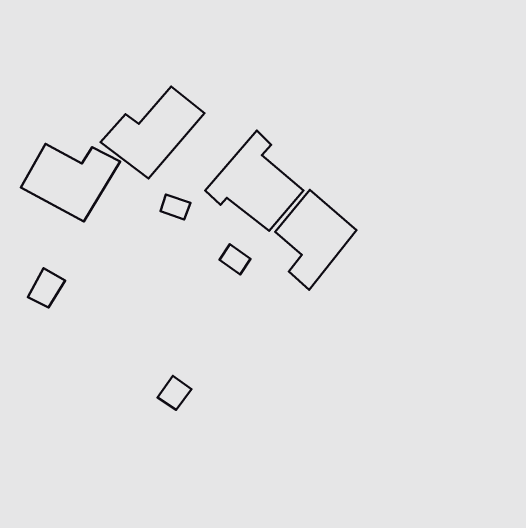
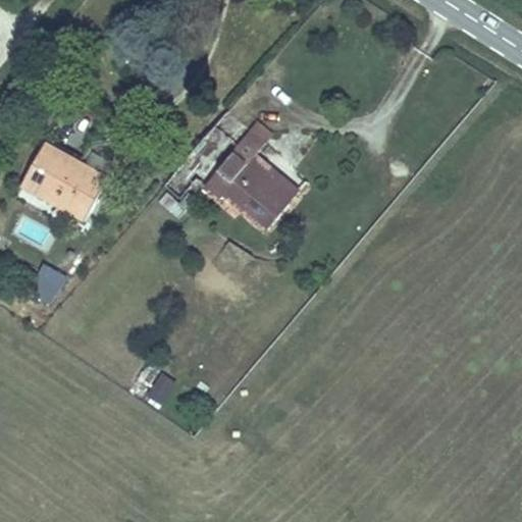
building: [100,86,205,178] -> none
building: [275,190,357,290] -> none

